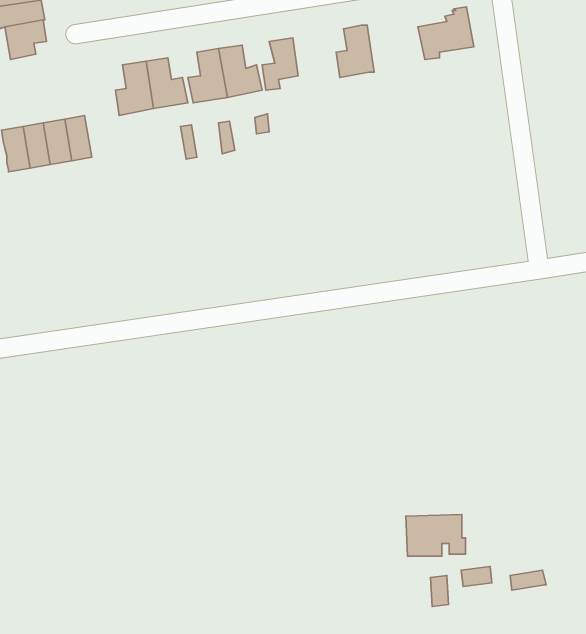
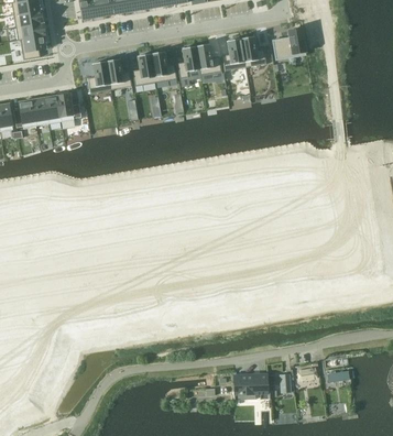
building: none -> [240,35,265,66]
building: none -> [195,42,220,74]
building: [406,514,465,556] -> [232,372,269,397]

